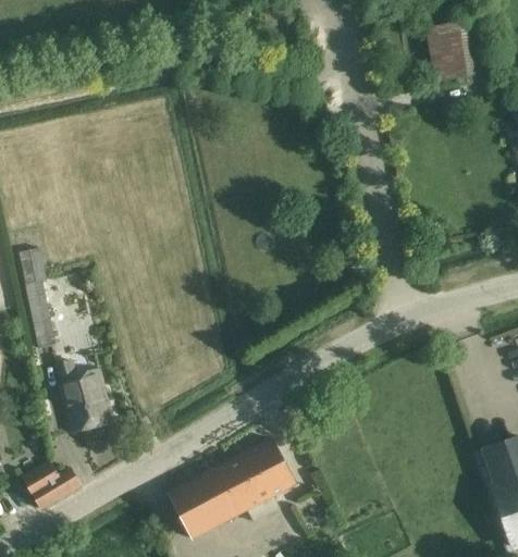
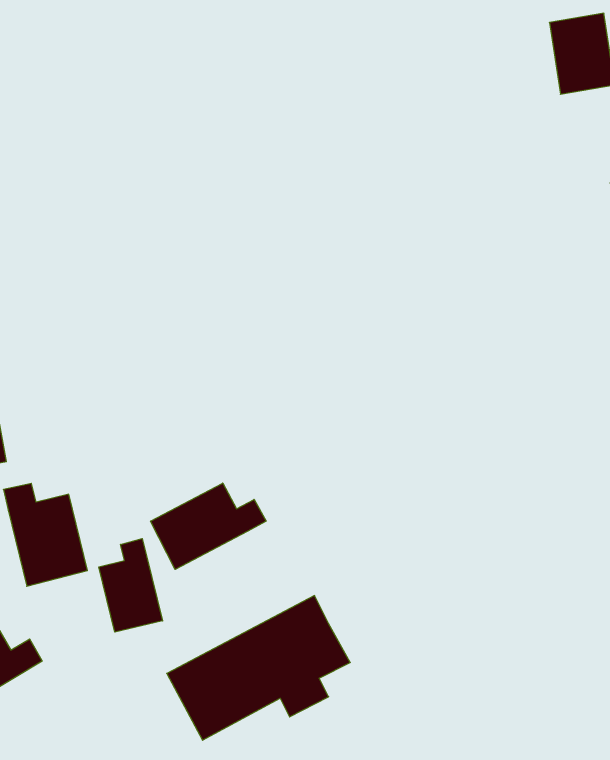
building: none -> [151,483,266,569]
building: none -> [99,539,163,632]

